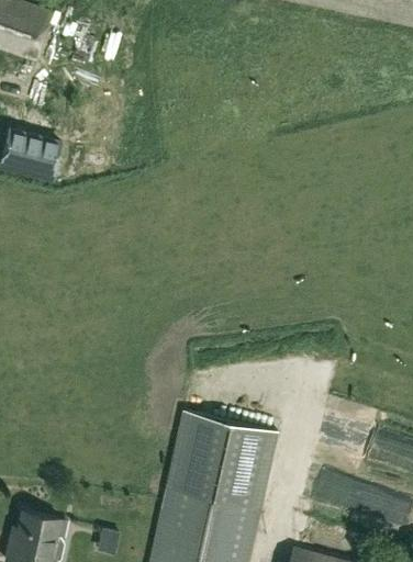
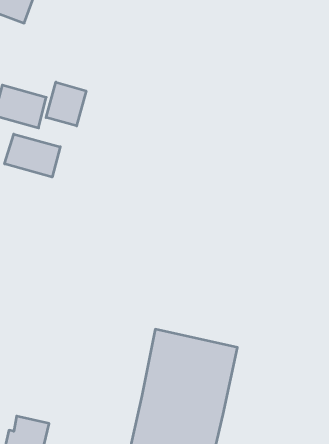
building: none -> [46,82,86,126]
building: none -> [5,134,60,177]

